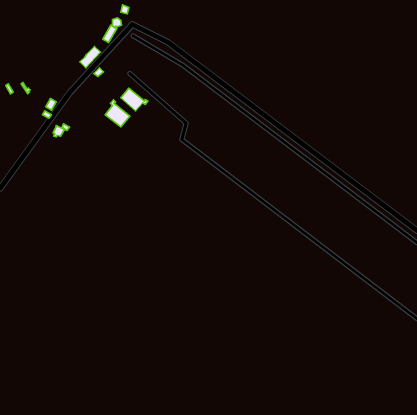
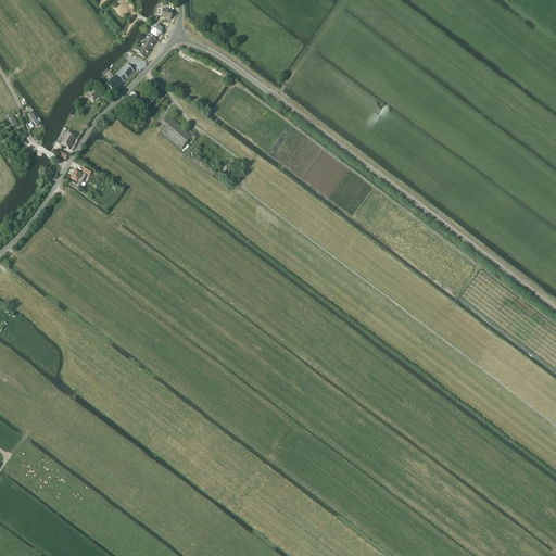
building: [105,100,130,127] -> none

